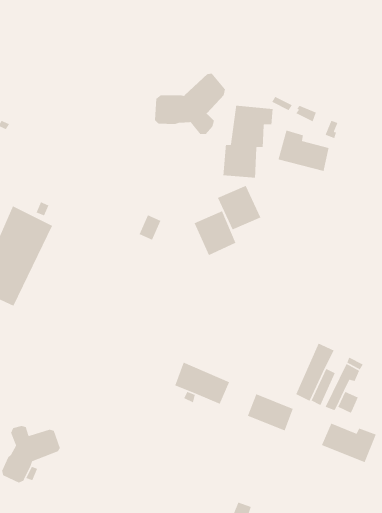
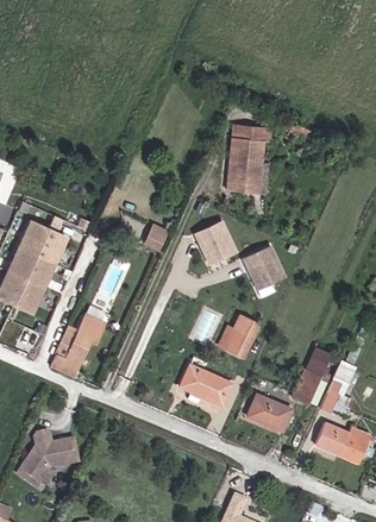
building: [154,73,226,135] -> none
building: [278,129,329,172] -> none
building: [217,185,261,230] -> [245,247,287,290]
building: none -> [51,315,104,375]
building: none -> [220,316,258,356]

